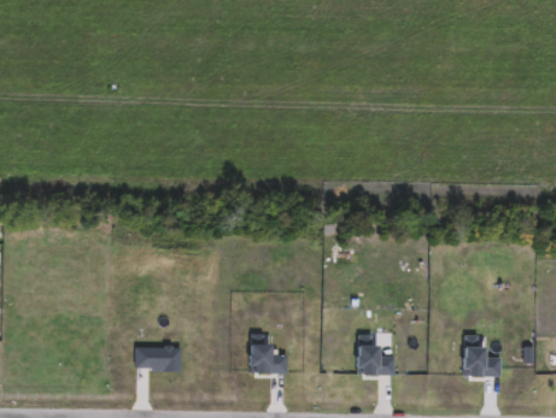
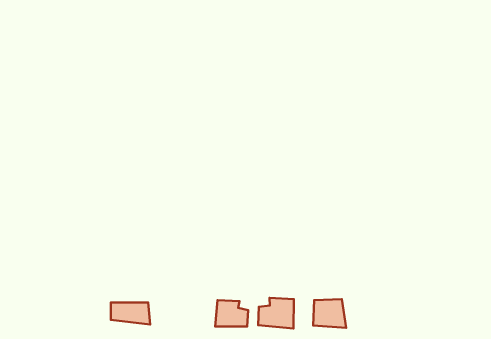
building: [464,335,501,376] -> none
building: none -> [258,298,294,329]

